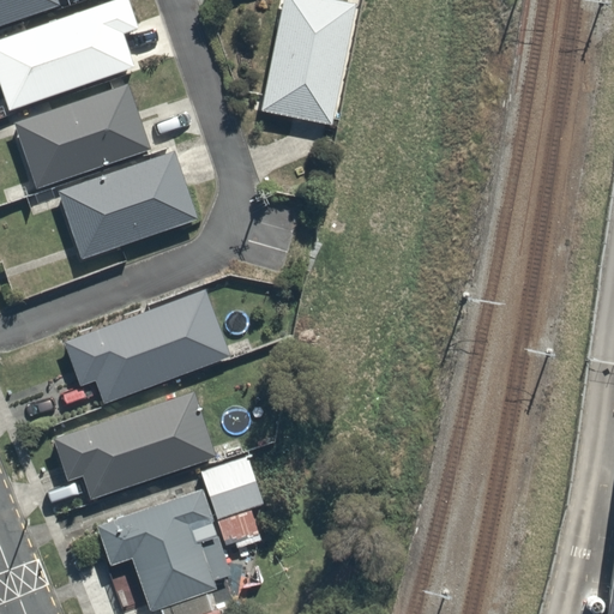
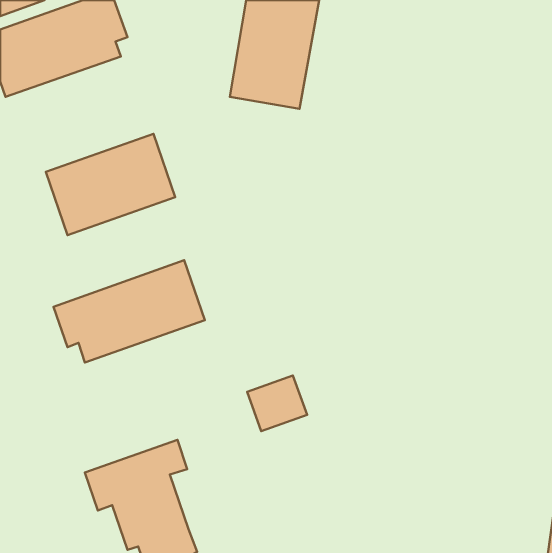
building: [13,83,155,193] -> none
building: [48,390,216,502] -> none
building: [199,456,265,517] -> [247,376,307,431]

